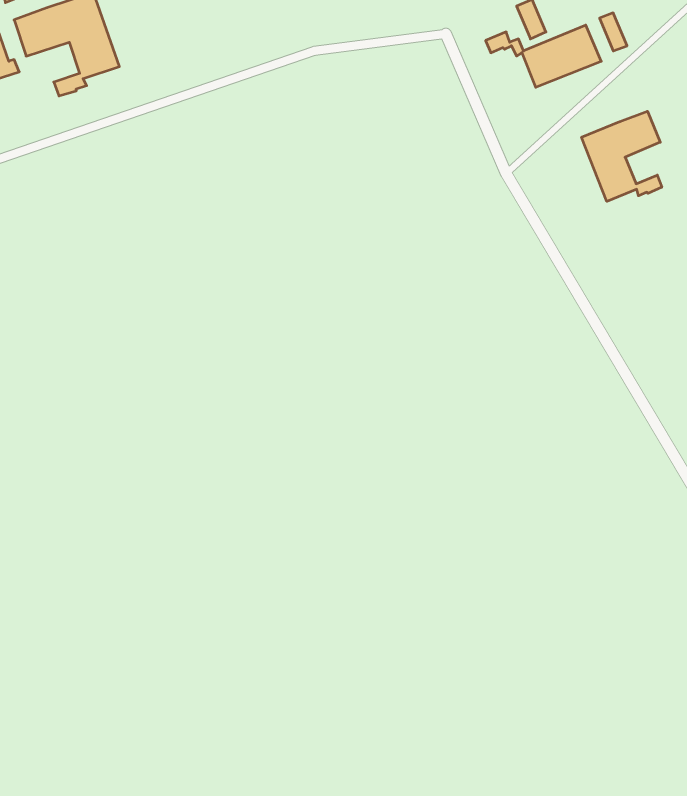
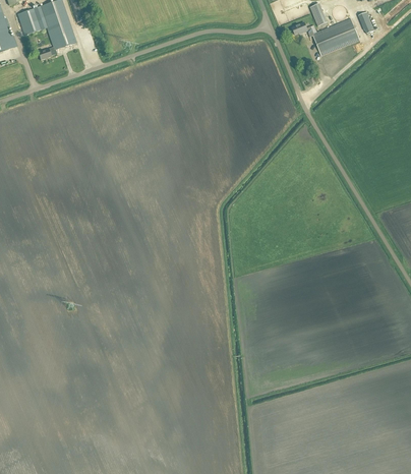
building: [582,111,662,201] -> none

